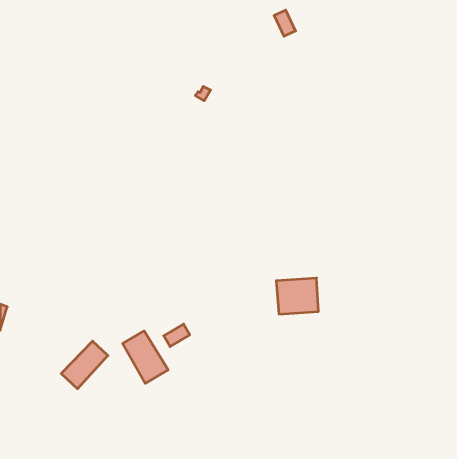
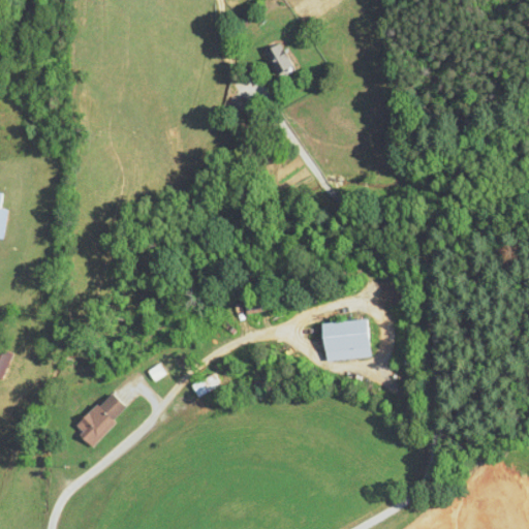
building: [274,10,296,36] -> [267,42,291,72]
building: [123,331,168,383] -> none

